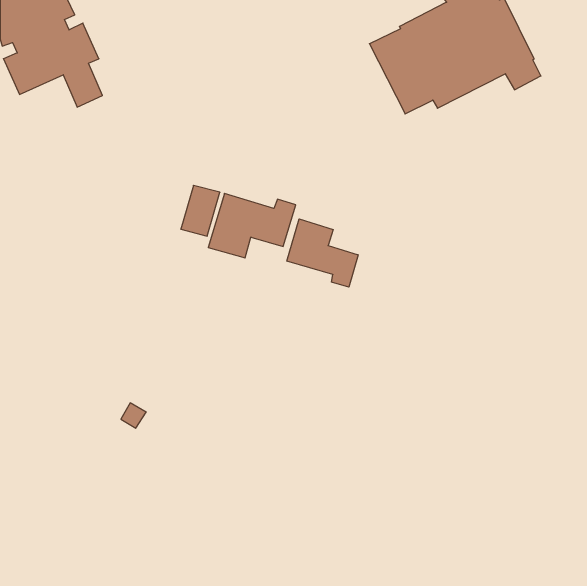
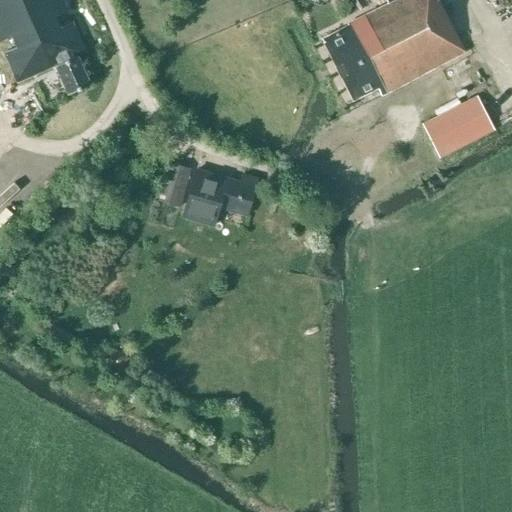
building: none -> [422,95,494,156]
building: [287,219,358,287] -> none

